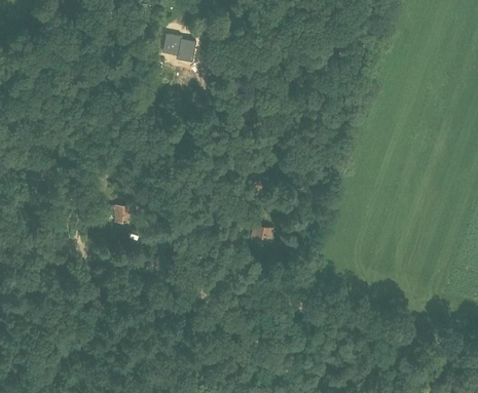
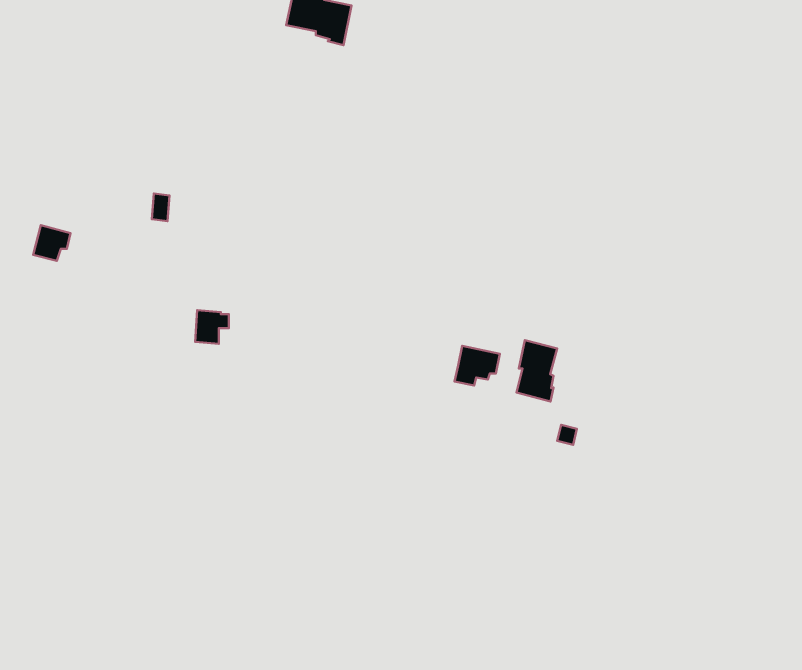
building: none -> [517,340,557,401]

